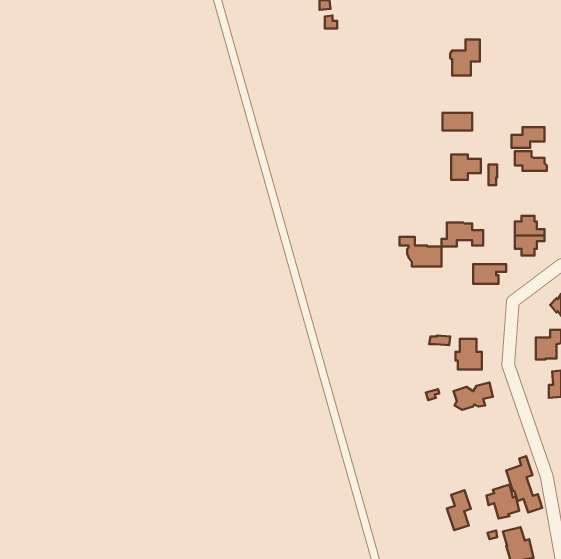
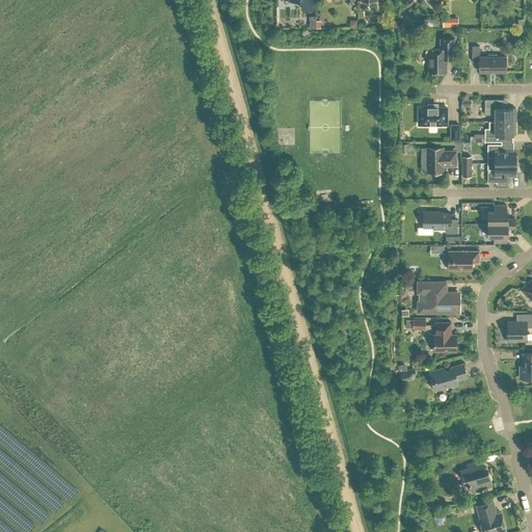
building: none -> [472,46,506,73]
building: none -> [484,100,515,122]
building: none -> [487,163,517,184]
building: [400,237,441,266] -> [419,284,458,312]
building: [506,456,542,512] -> none
building: [447,490,471,530] -> none

